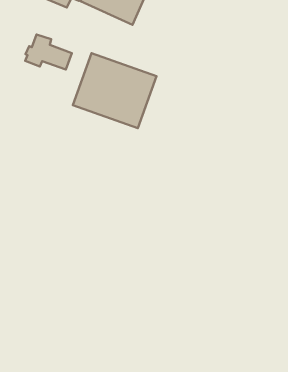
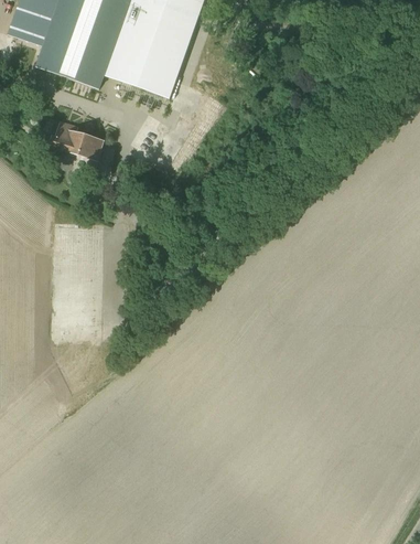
building: [73,53,157,128] -> none

